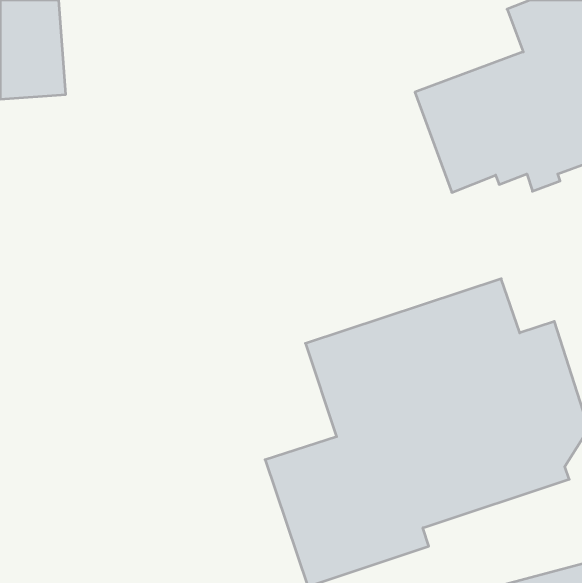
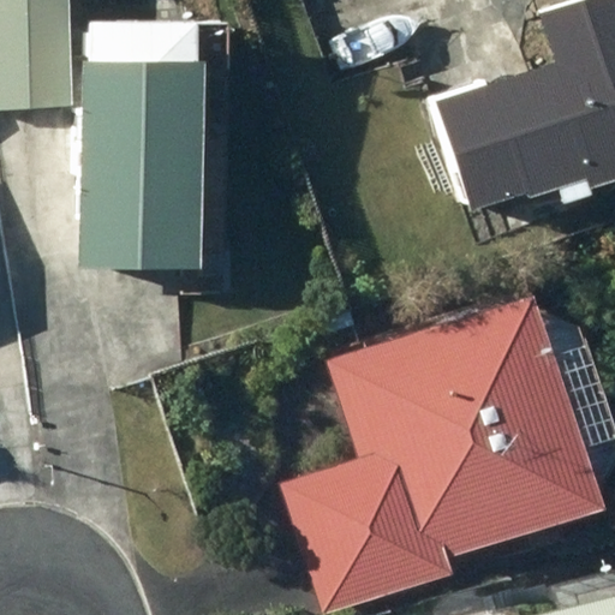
building: none -> [79,18,202,268]

